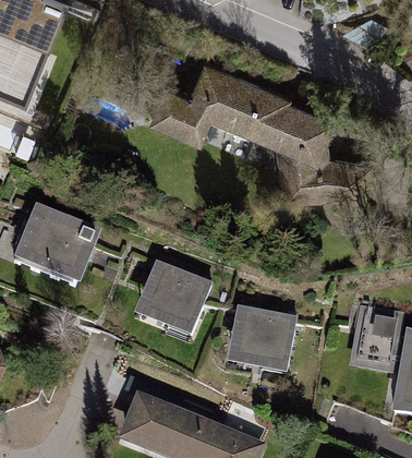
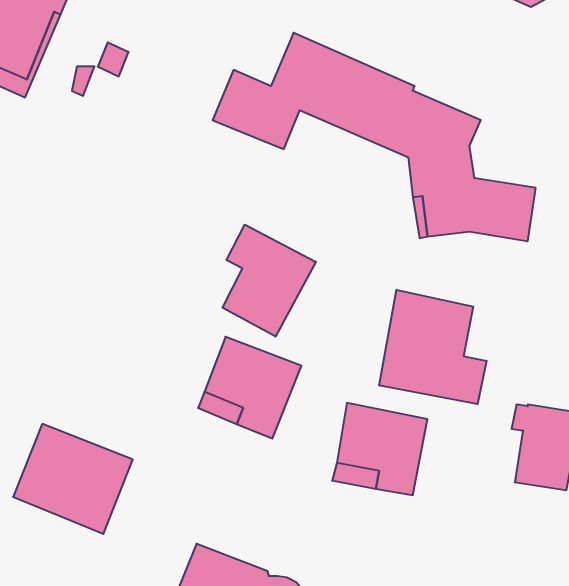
building: none -> [223,225,316,337]
building: [14,212,95,286] -> [13,424,133,534]
building: none -> [379,290,487,404]

